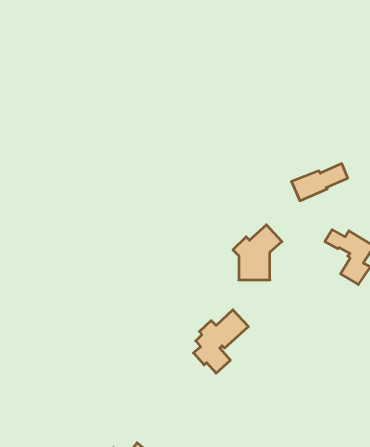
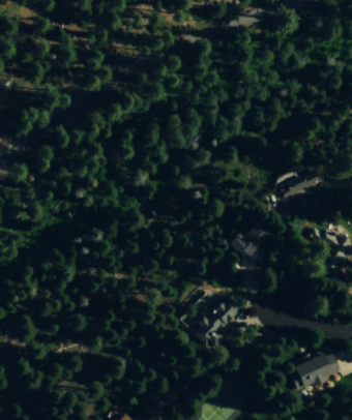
building: none -> [293,348,344,388]

